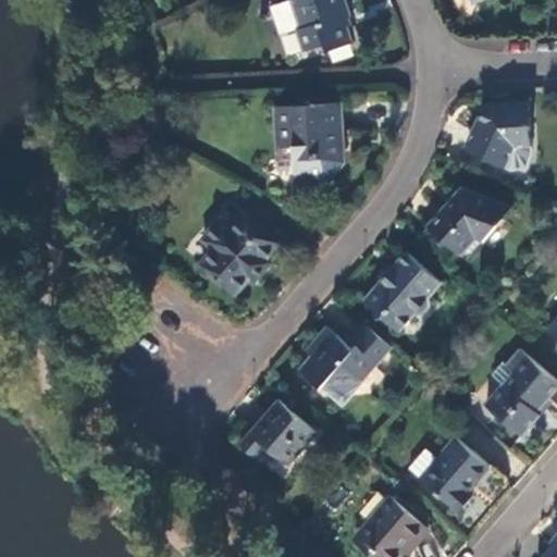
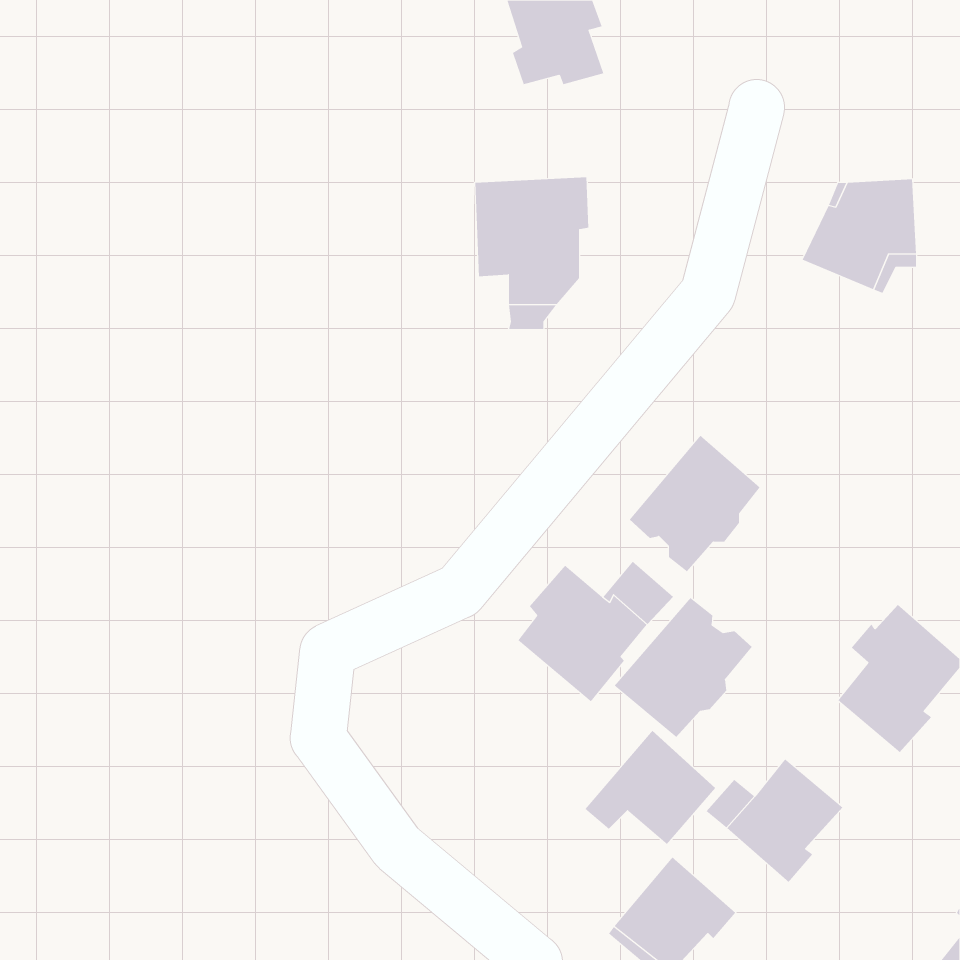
building: [428,188,510,255] -> none
building: [199,214,277,295] -> none
building: none -> [614,597,753,738]
building: [238,400,314,467] -> [584,730,716,845]

